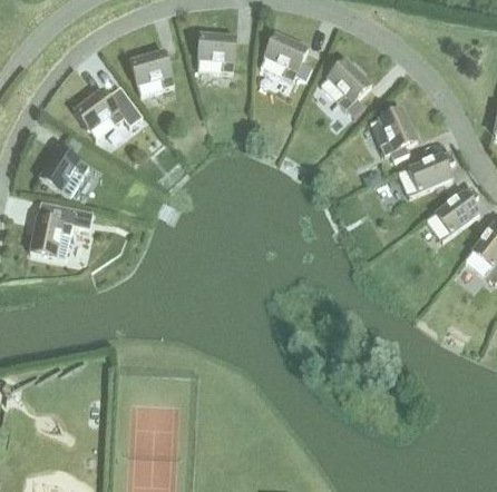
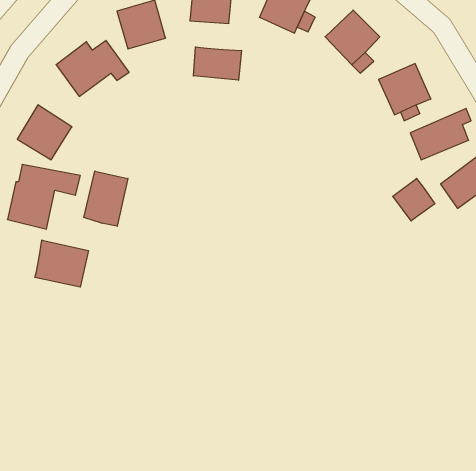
building: none -> [193,47,241,80]
building: none -> [84,171,128,226]
building: none -> [393,178,435,221]
building: none -> [35,240,88,287]

